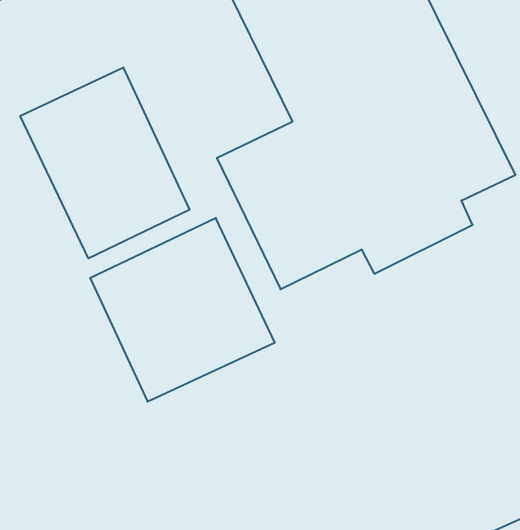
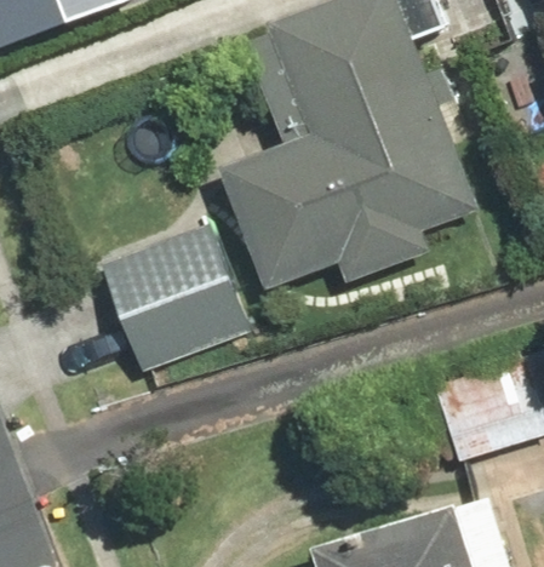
building: [20,67,190,258] -> none

